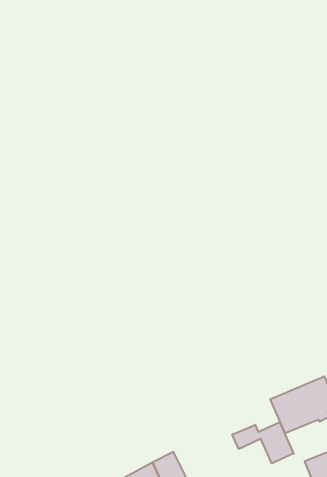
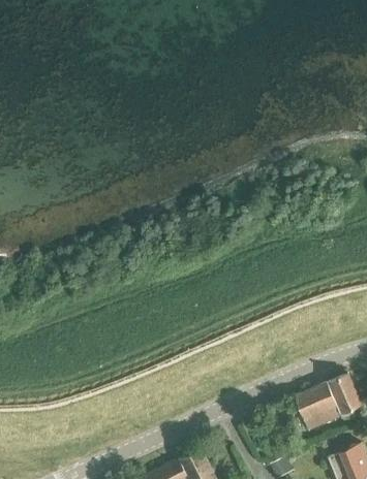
building: [232,422,294,463] -> none

